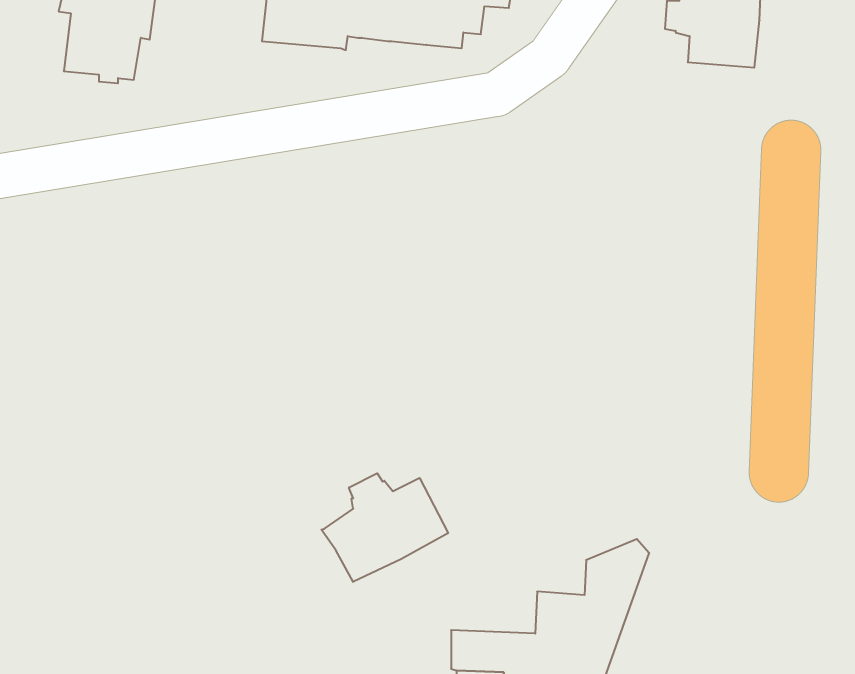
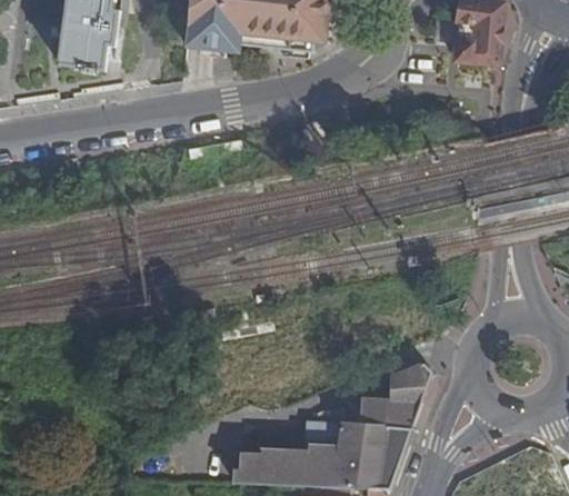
building: [321,473,448,582] -> none

